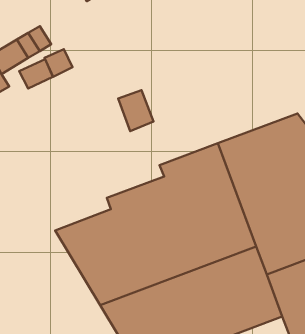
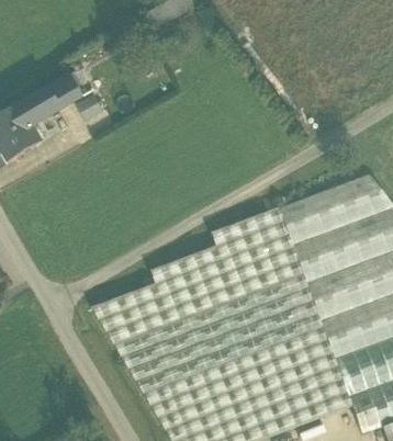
building: [19,59,53,88] -> none
building: [118,90,154,131] -> none

